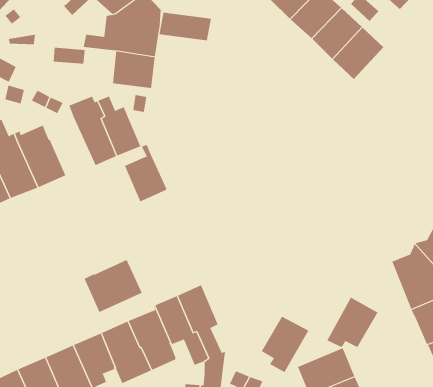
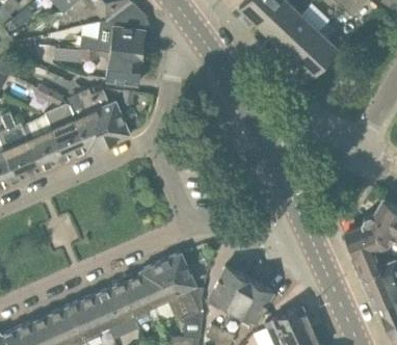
building: [159,12,212,41] -> none
building: [124,144,169,202] -> [51,110,89,160]
building: [84,259,142,313] -> none
building: [326,297,378,348] -> [205,267,249,311]

